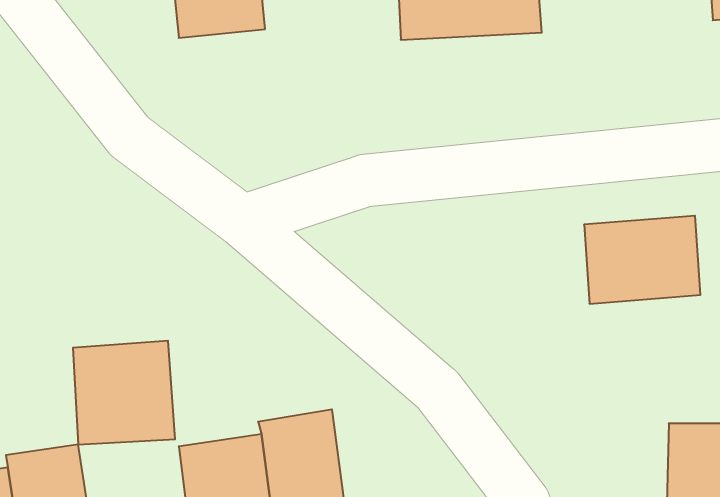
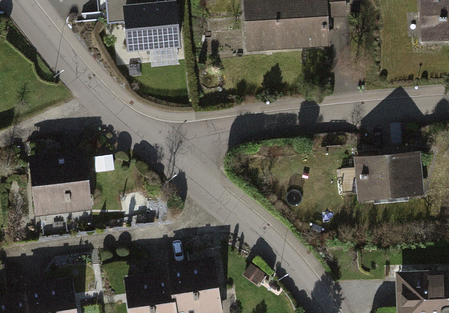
building: [73,341,175,445] -> [30,151,88,210]

